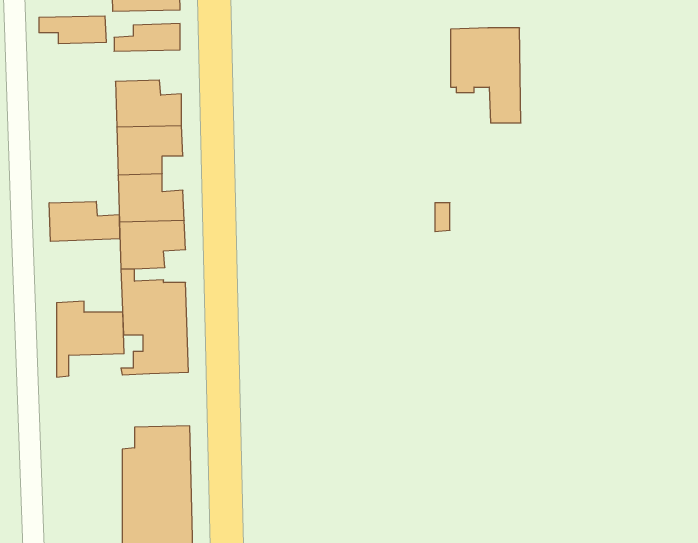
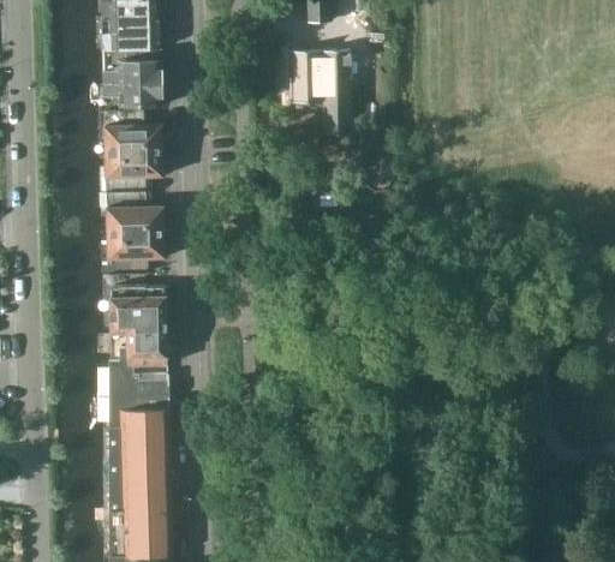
building: [39,16,106,44] -> [102,84,161,108]
building: [451,28,521,123] -> [288,53,350,136]
building: [49,201,119,241] -> none
building: [57,301,124,377] -> [109,366,168,432]

